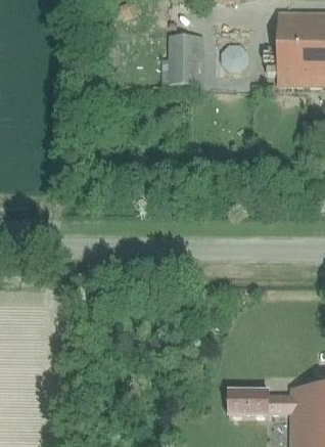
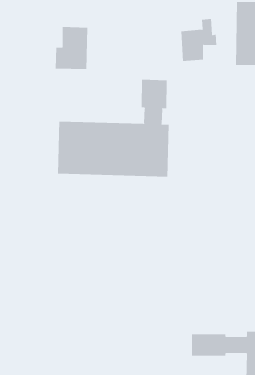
building: [160,34,198,83] -> [55,26,88,70]
building: none -> [57,79,169,177]

